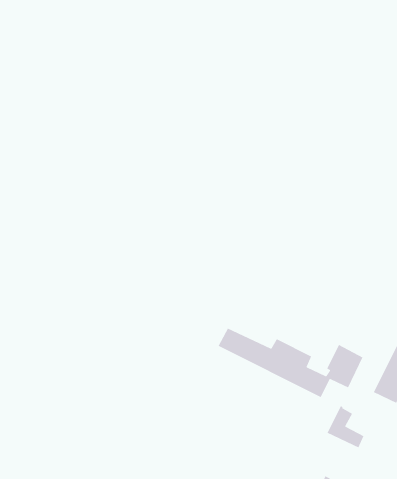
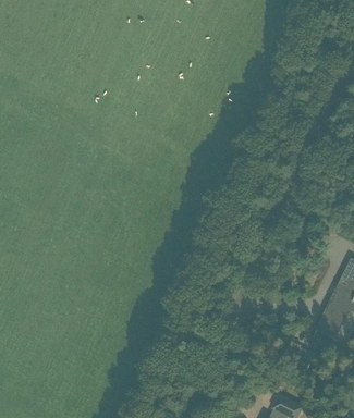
building: [217,328,363,398] -> none

